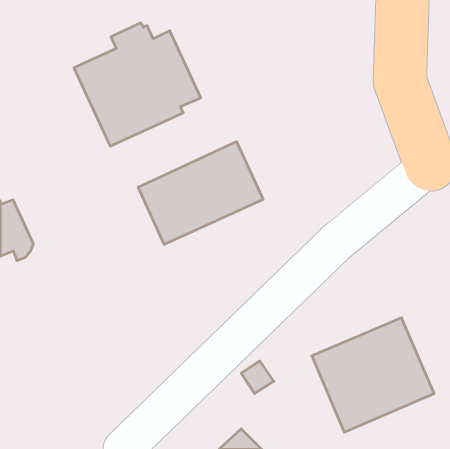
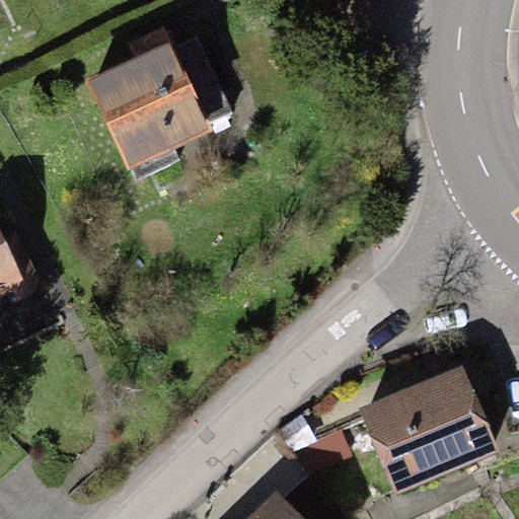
building: [138,142,263,245] -> none

